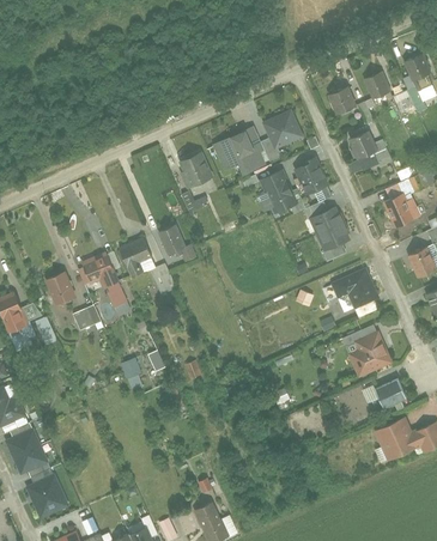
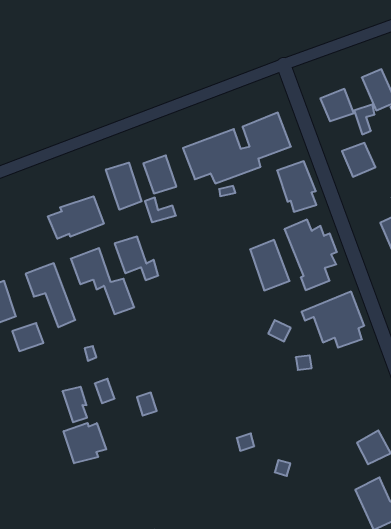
building: none -> [106,163,142,210]
building: [260,169,296,213] -> [250,240,290,290]
building: none -> [48,196,104,239]
building: [351,334,394,382] -> none
building: none -> [64,423,106,463]

